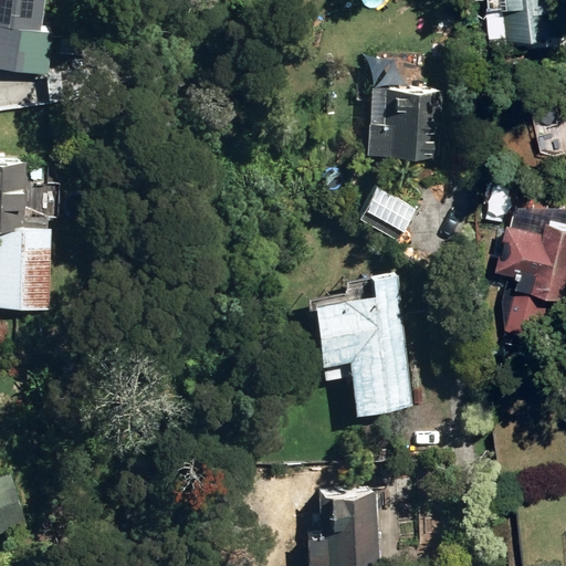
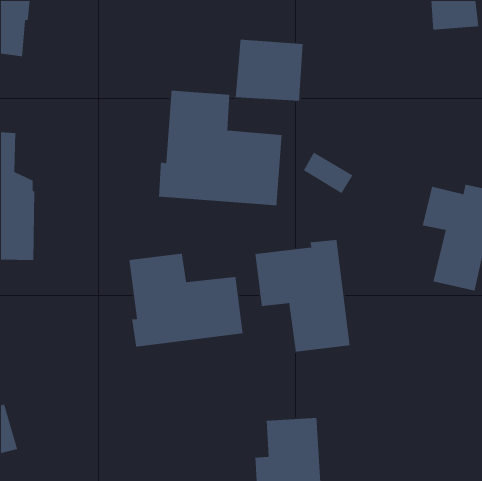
building: [361,86,441,159] -> [235,39,304,102]
building: none -> [158,90,282,206]
building: none -> [128,253,244,347]

